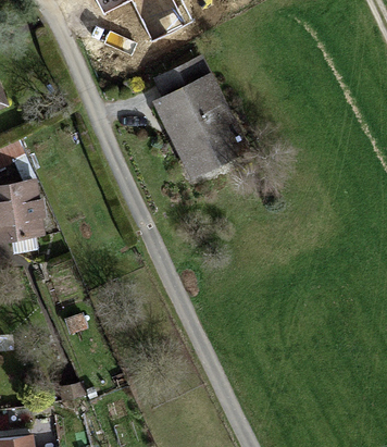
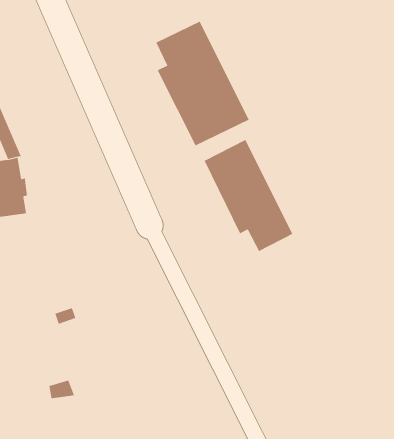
building: none -> [204,139,293,252]

